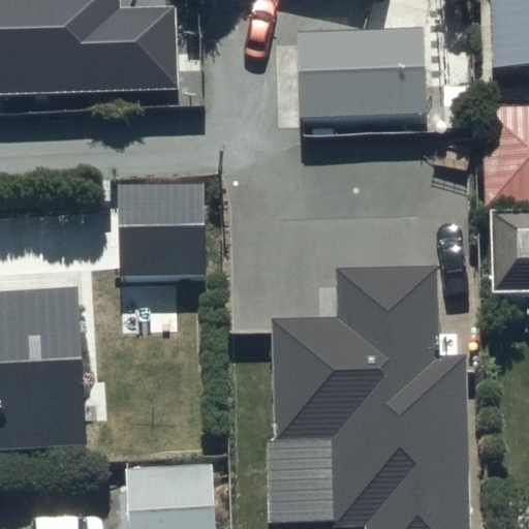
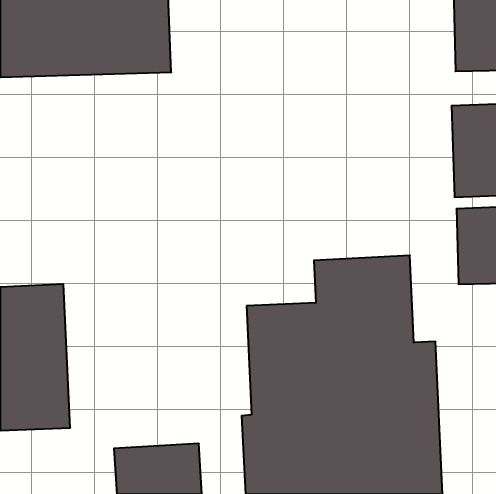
building: [294,27,434,127] -> none
building: [119,184,206,278] -> none

